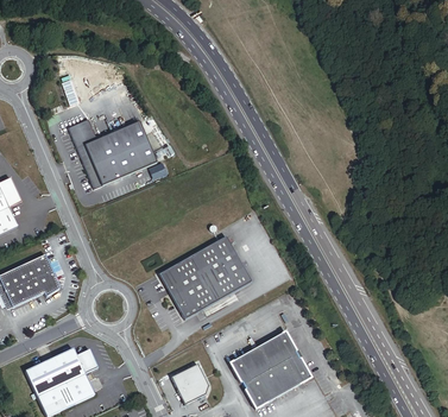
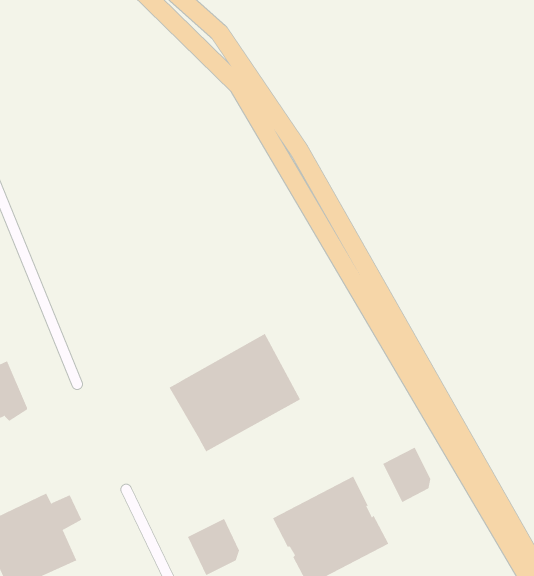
building: [69,107,157,187] -> none
building: none -> [383,447,431,503]

